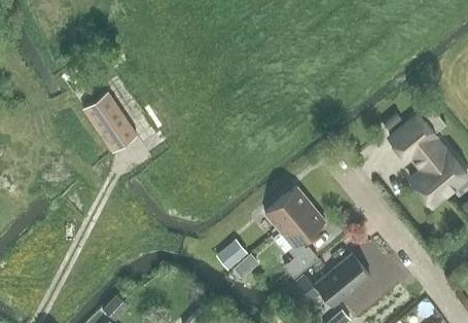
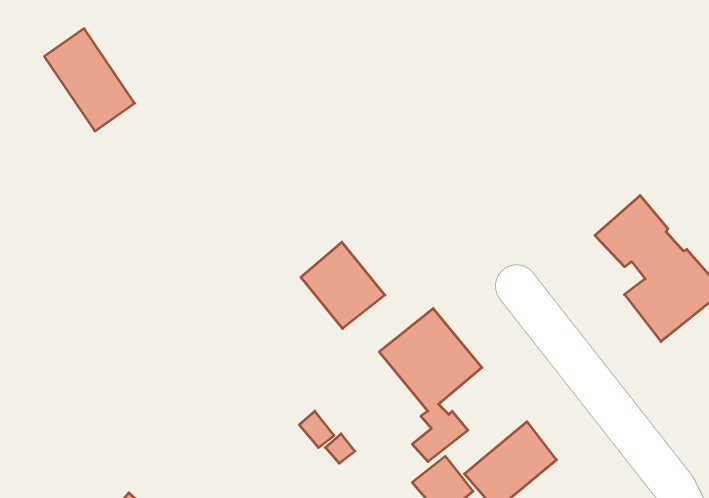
building: [84,92,138,152] -> [44,29,135,131]
building: none -> [301,242,385,329]

